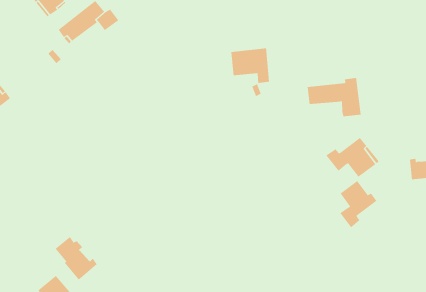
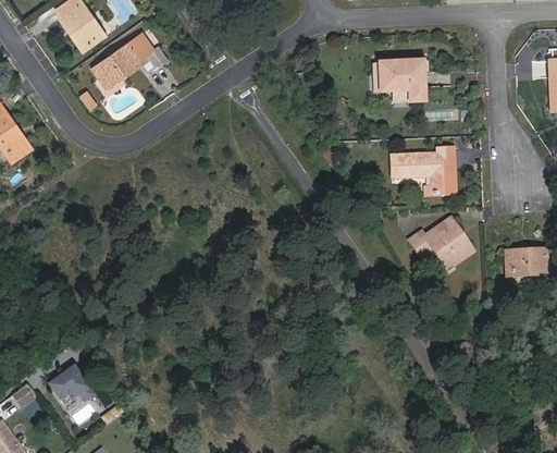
building: [230,48,270,83] -> [379,60,424,102]
building: [340,180,377,228] -> none
building: [55,236,98,280] -> none

